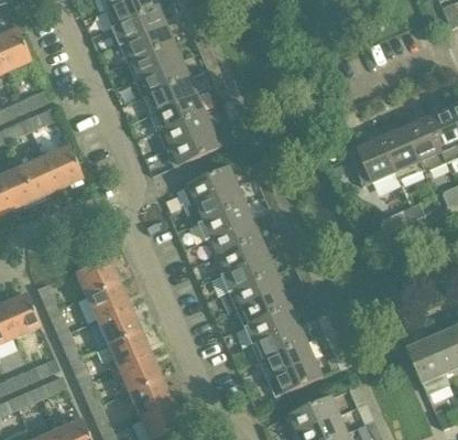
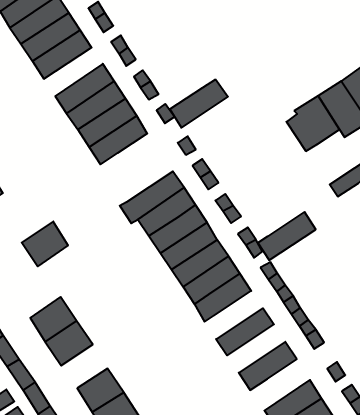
building: [135,60,192,98] -> none
building: [184,168,239,206] -> [170,80,228,128]
building: [75,258,117,297] -> [22,221,68,266]
building: [244,307,299,345] -> [258,212,316,260]
building: [107,331,149,368] -> none
building: [260,341,315,379] -> none

